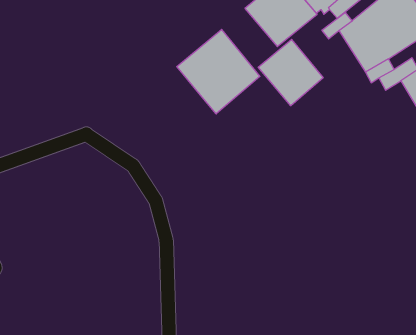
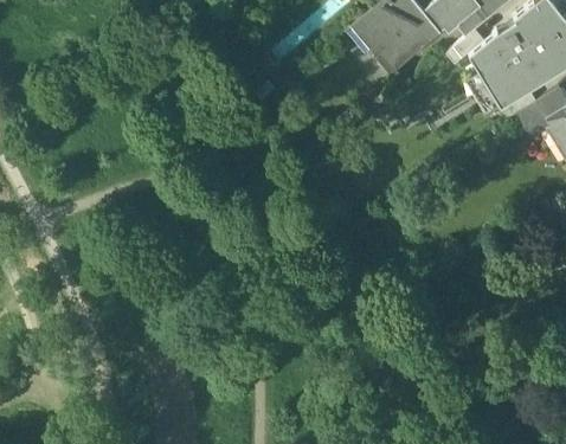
building: [177,29,260,114] -> none
building: [258,39,323,106] -> none

